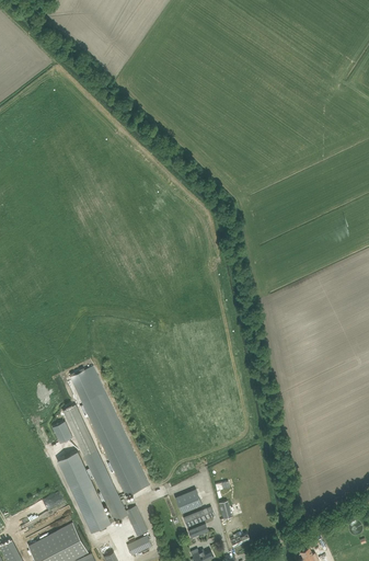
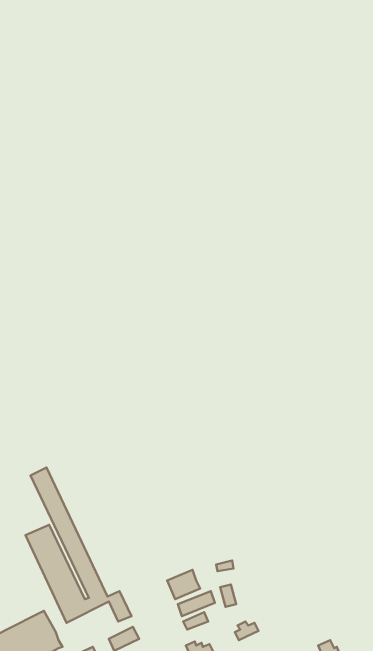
building: [70,369,141,496] -> none

